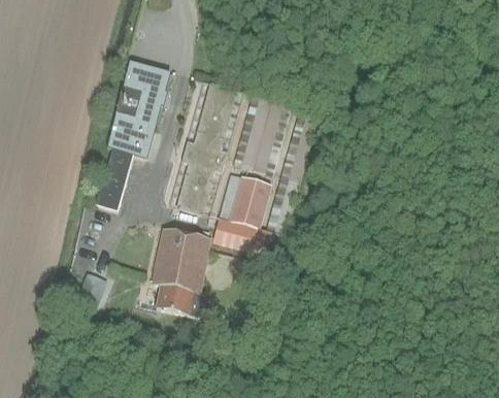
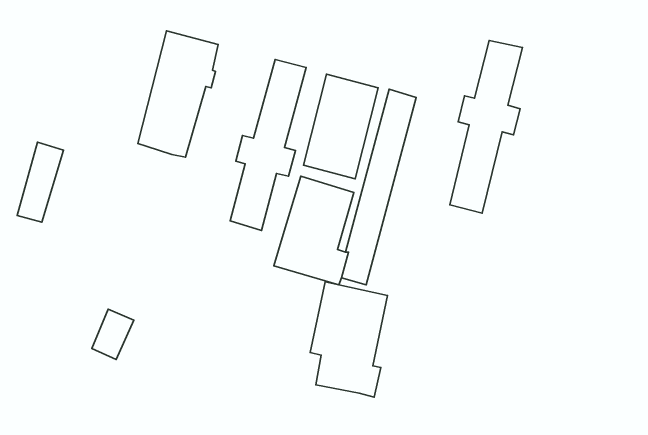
building: none -> [450,40,522,213]
building: [98,148,133,209] -> [17,142,63,222]
building: [152,228,210,316] -> [310,282,388,397]

